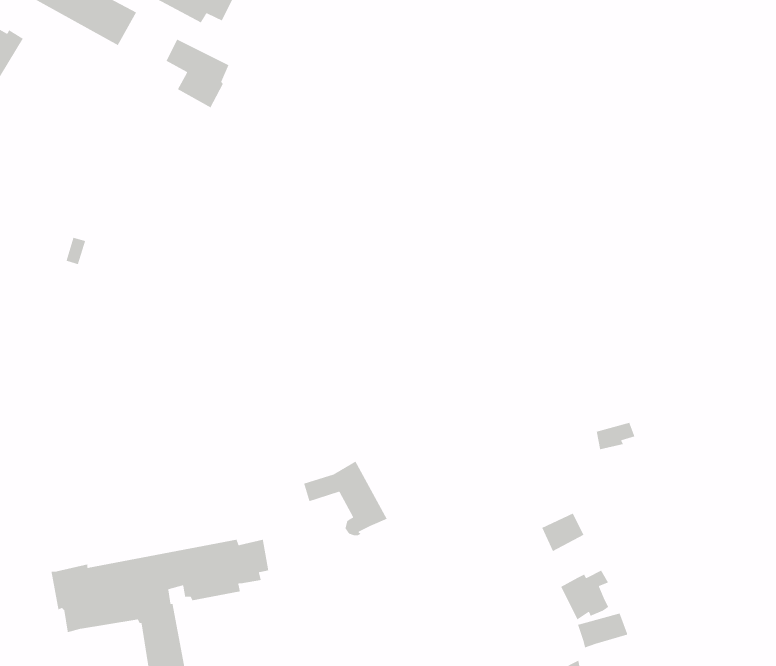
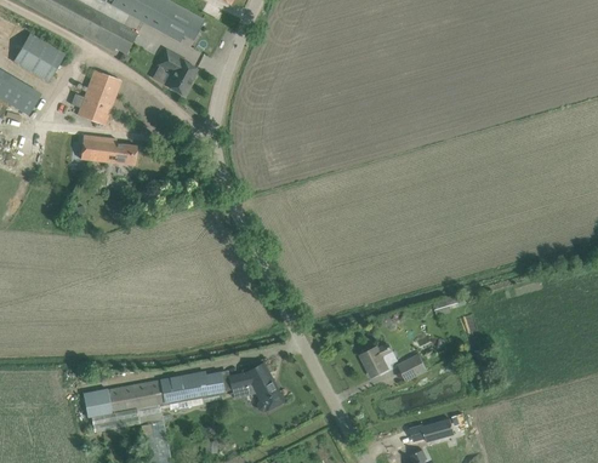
building: none -> [70,69,120,124]
building: none -> [80,135,136,164]
building: [303,460,388,536] -> [228,362,283,411]
building: [560,570,609,621] -> [360,343,392,376]

